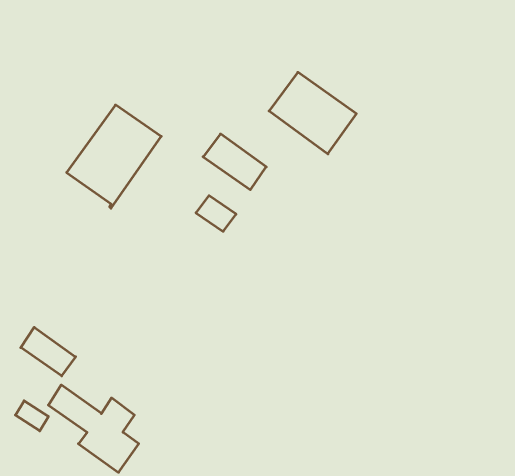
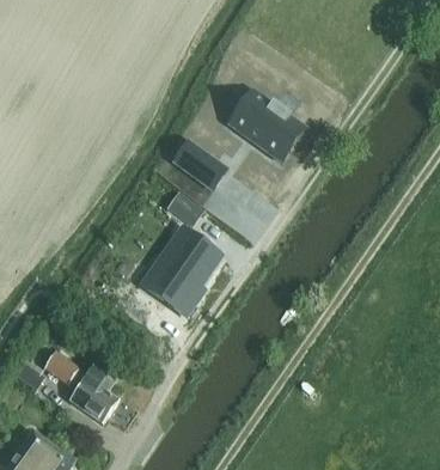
building: [67,105,161,208] -> [142,228,221,315]
building: [21,327,76,376] -> none

